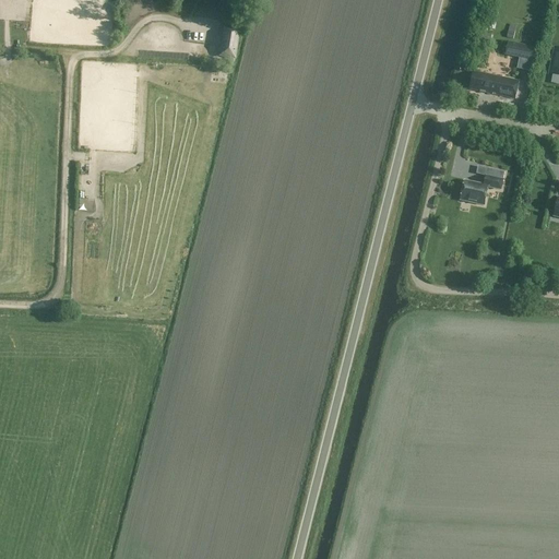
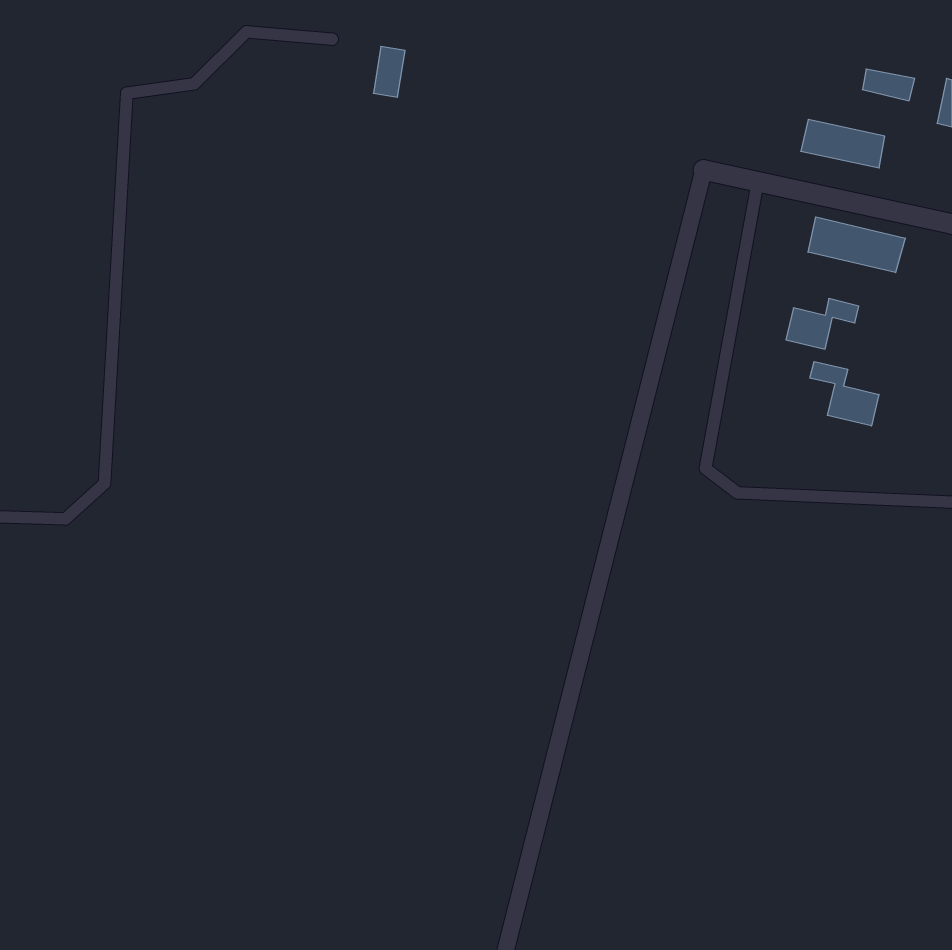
building: none -> [808,217,905,273]
building: none -> [810,362,879,426]

